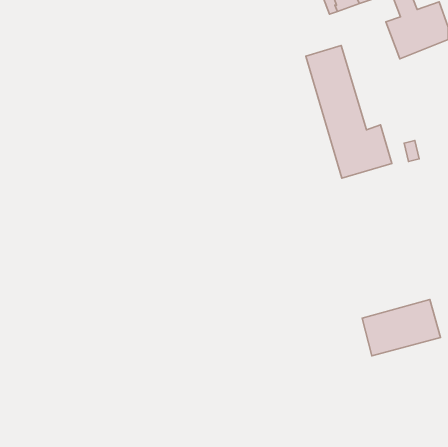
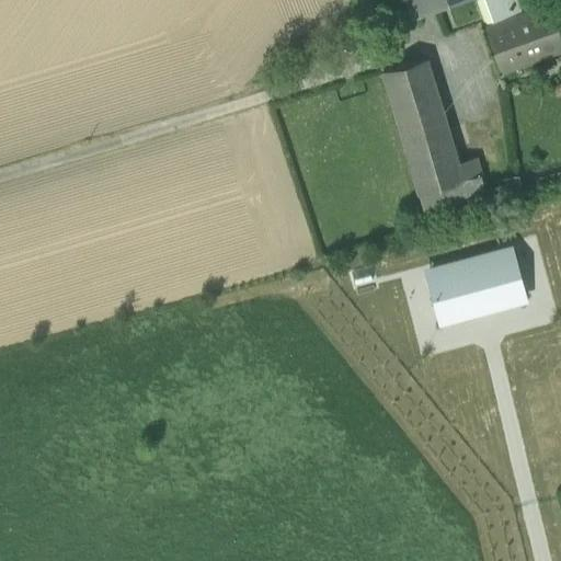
building: [362,300,440,356] -> [427,250,525,320]

